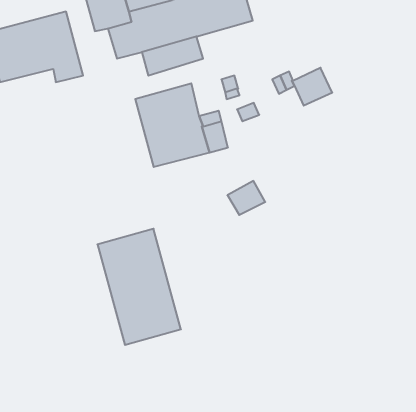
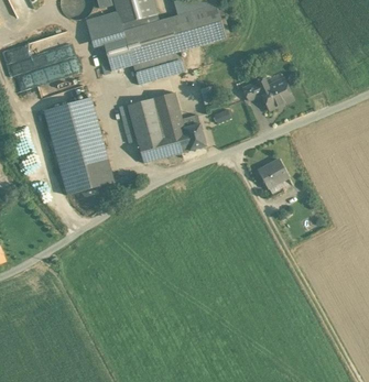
building: [227,181,265,215] -> [257,159,289,187]
building: [97,229,181,345] -> [43,97,113,195]

